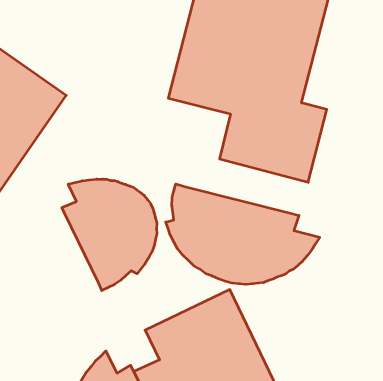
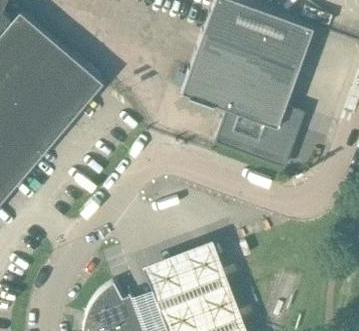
building: [62,179,157,291] -> none
building: [166,184,320,284] -> none

